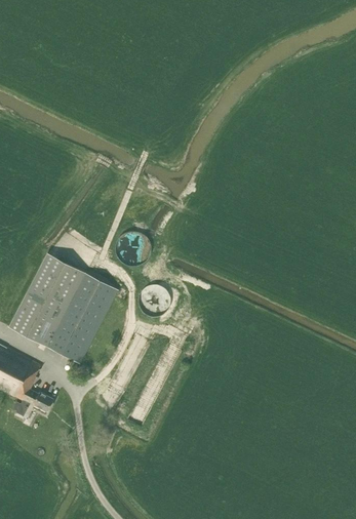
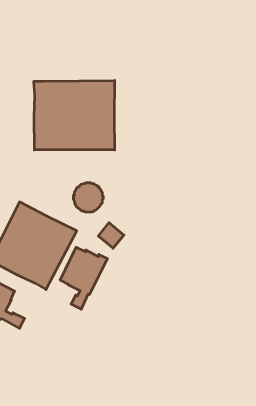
building: none -> [34,80,115,150]
building: none -> [60,247,107,309]

